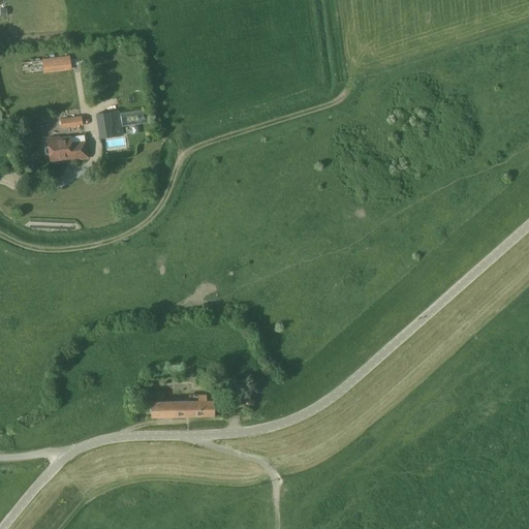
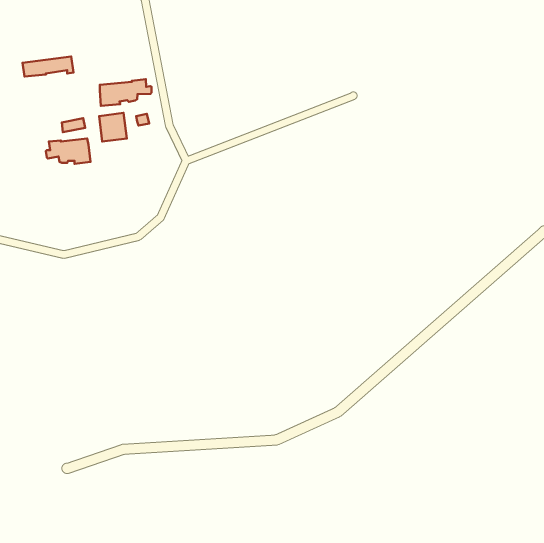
building: none -> [100,79,152,106]
building: [150,394,213,416] -> none

